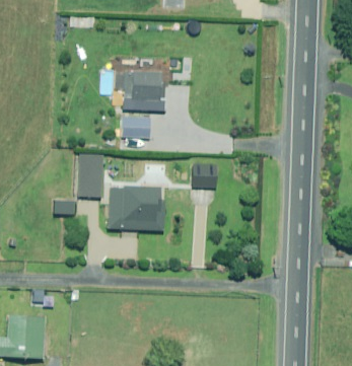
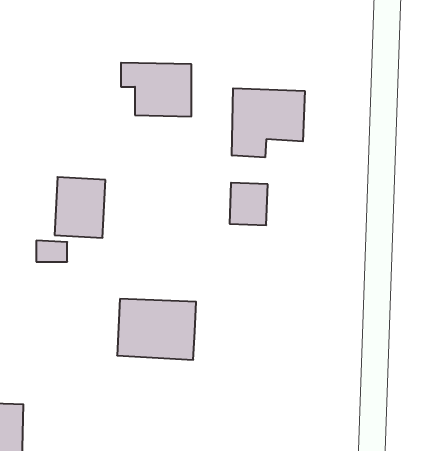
building: none -> [232,88,305,157]
building: [122,116,150,138] -> none
building: [108,187,164,230] -> [117,299,196,360]

